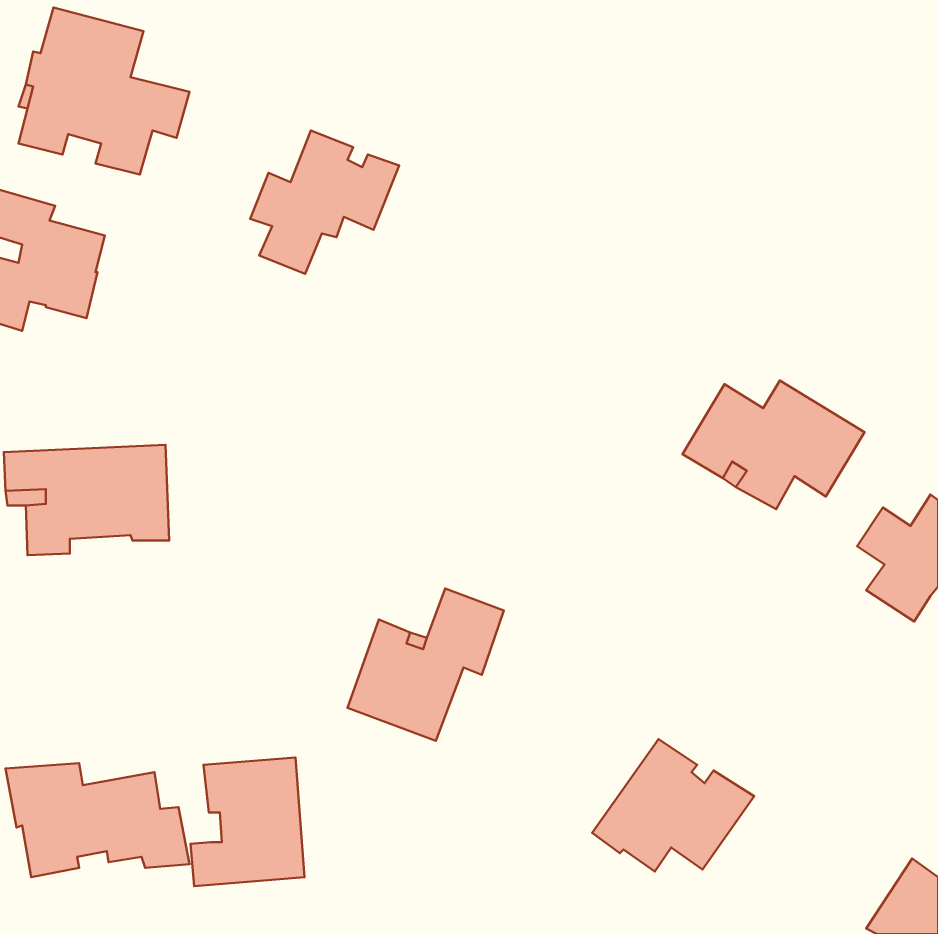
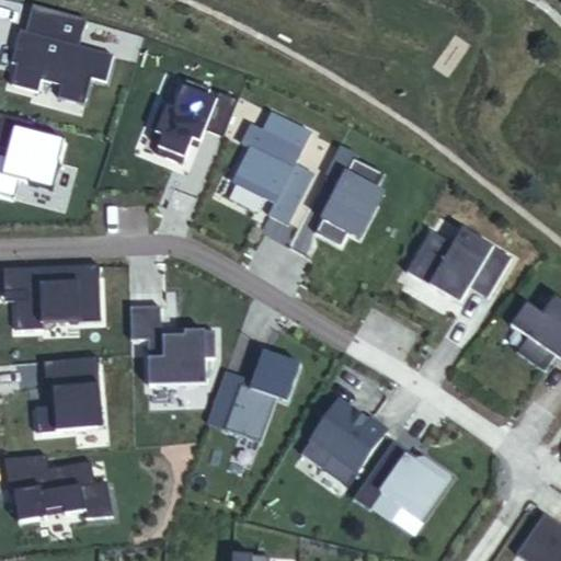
building: none -> [233,114,313,224]
building: none -> [314,147,382,245]
building: none -> [130,306,216,386]
building: none -> [301,400,386,472]
building: [191,757,305,886] -> [35,356,103,433]

